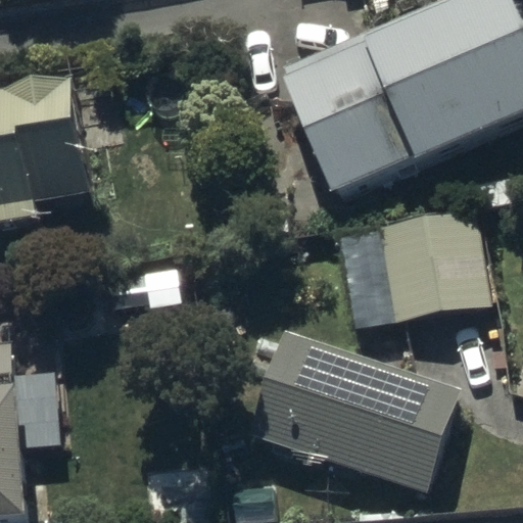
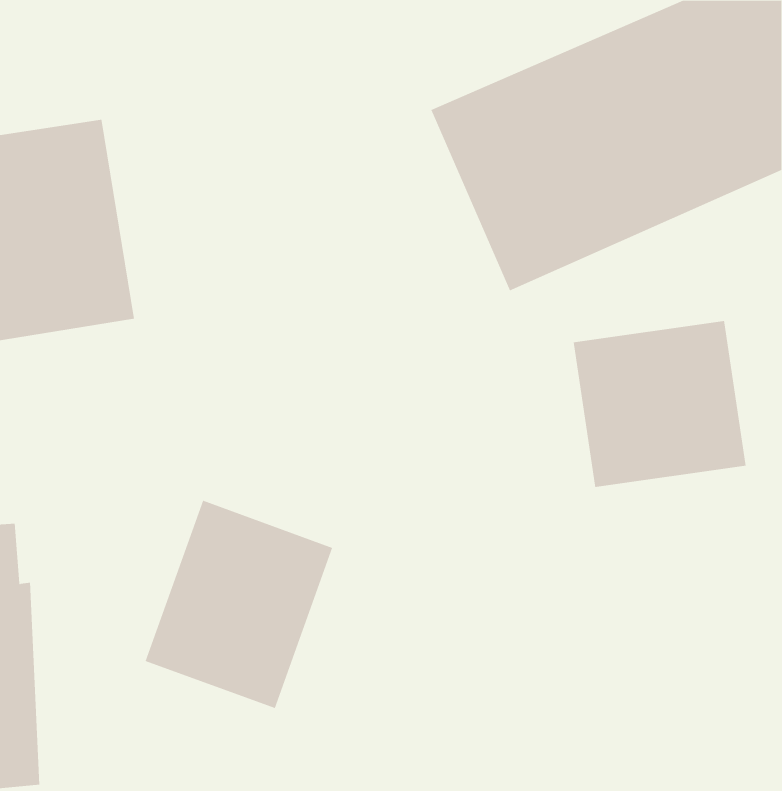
building: [244,327,461,493] -> none
building: none -> [145,500,333,709]

